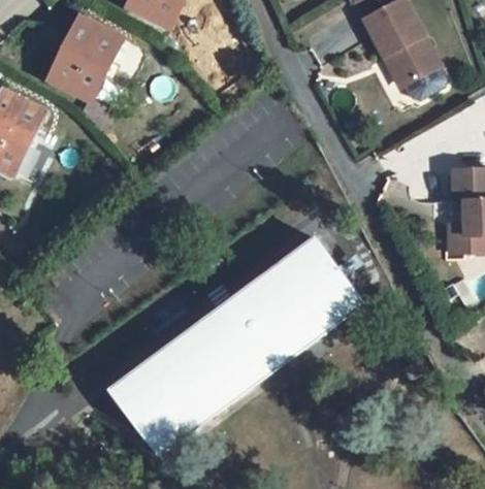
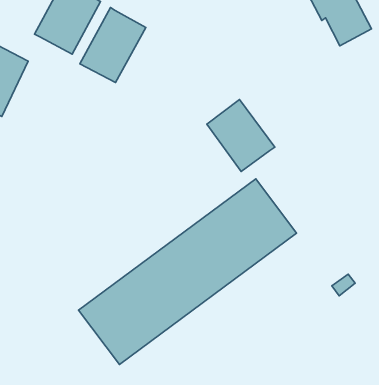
building: none -> [80,7,146,83]
building: none -> [207,99,275,171]

